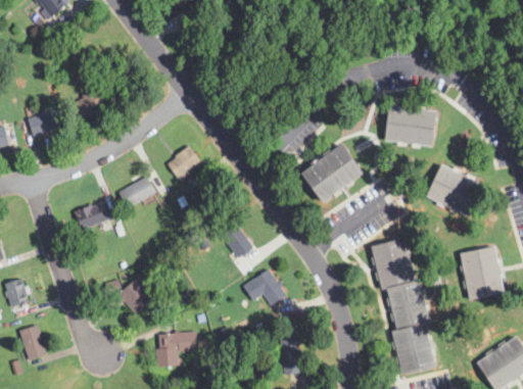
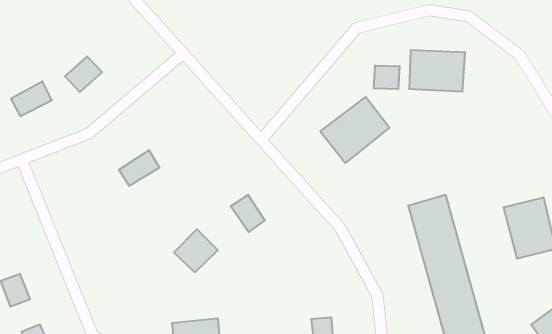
building: none -> [374,65,399,89]
building: [167,147,201,179] -> none
building: [427,164,485,216] -> none
building: [75,202,110,229] -> none
building: [253,270,286,305] -> none
building: [115,277,155,315] -> [174,229,218,272]

